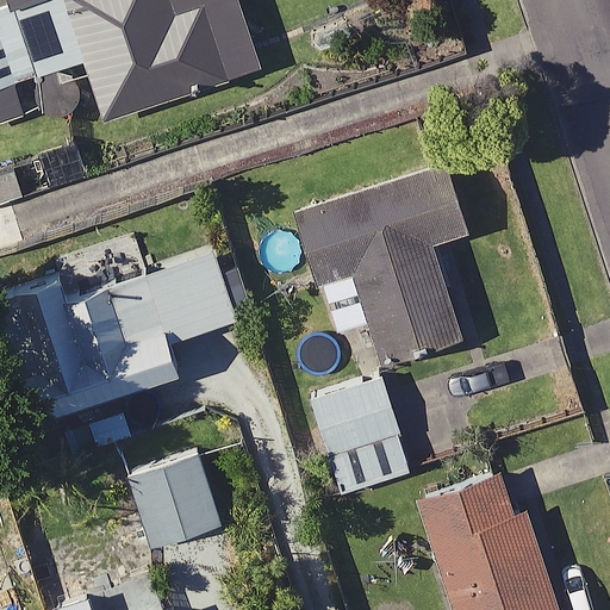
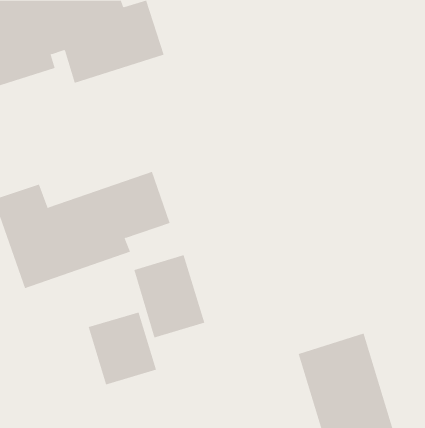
building: [303,172,468,366] -> none
building: [309,369,410,487] -> [133,255,205,338]

